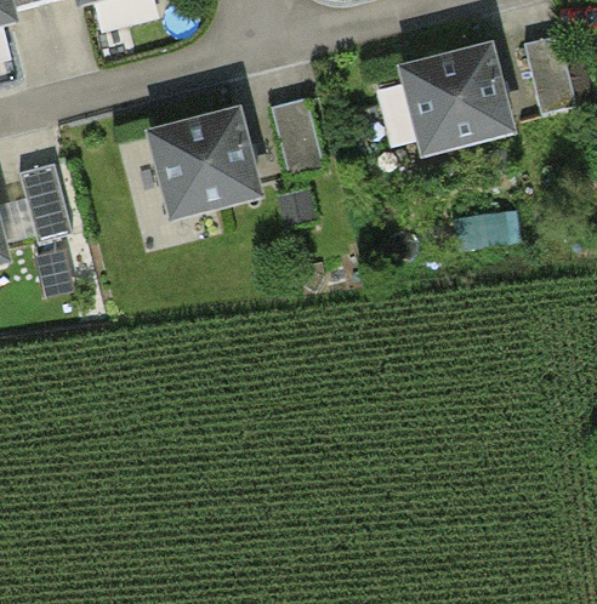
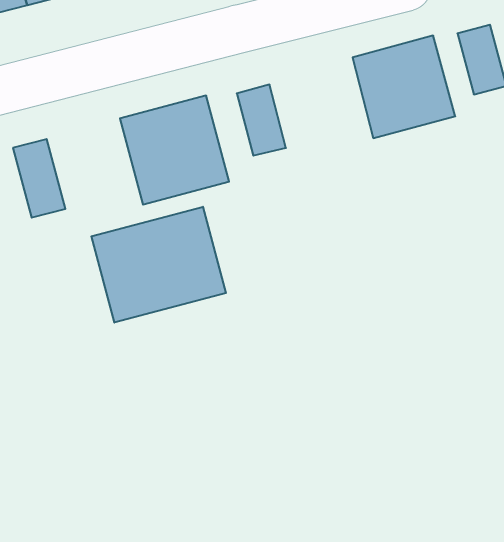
building: none -> [91,207,226,323]

